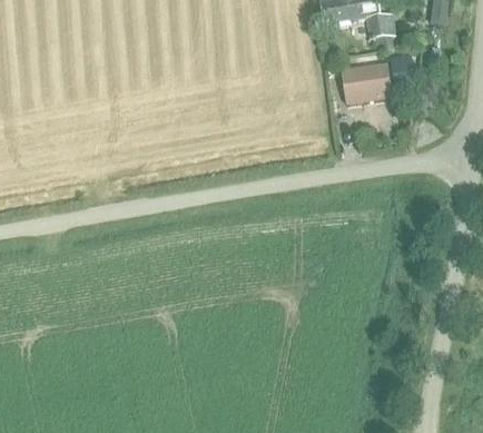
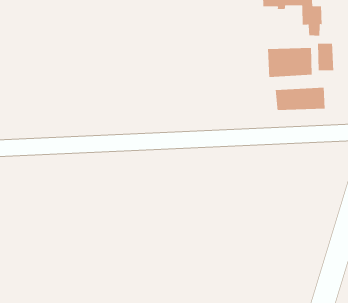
building: none -> [275,87,326,111]

